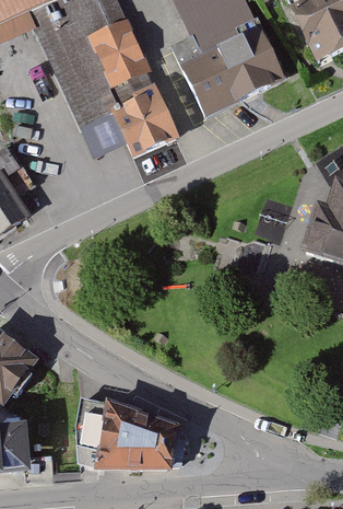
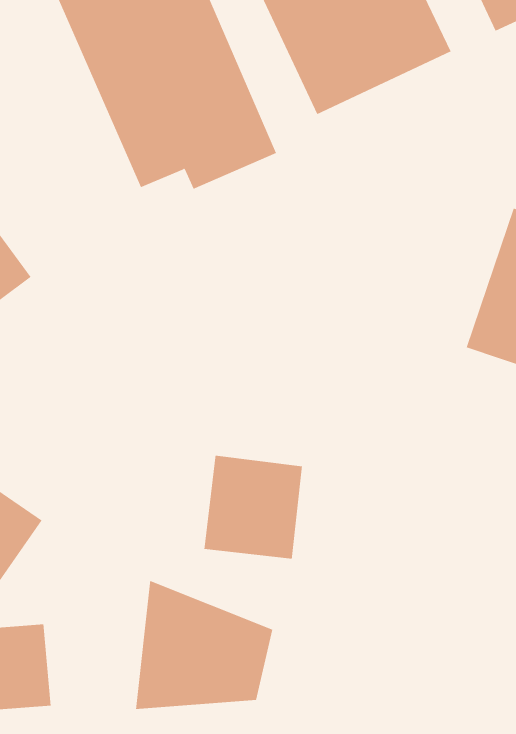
building: none -> [204,455,302,559]

